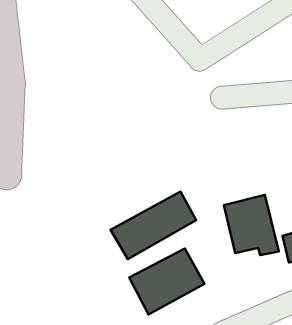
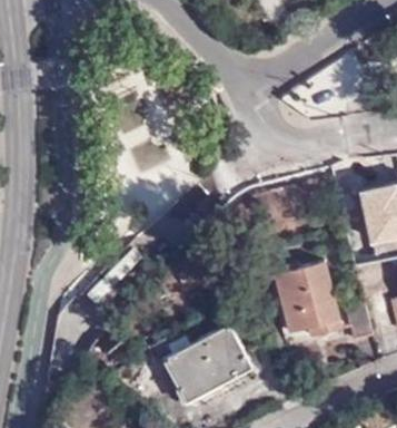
building: [111,191,196,259] -> none

